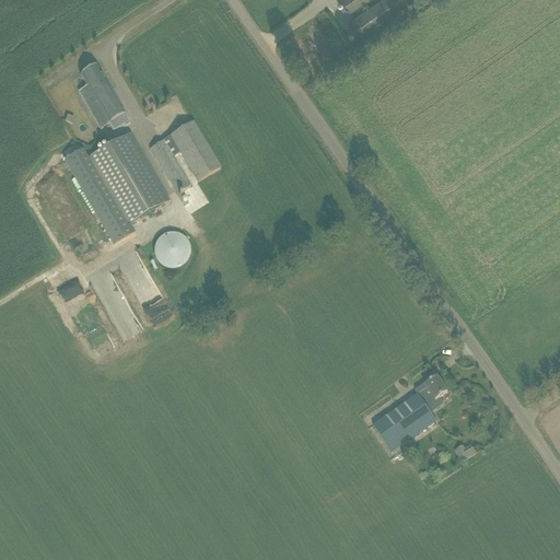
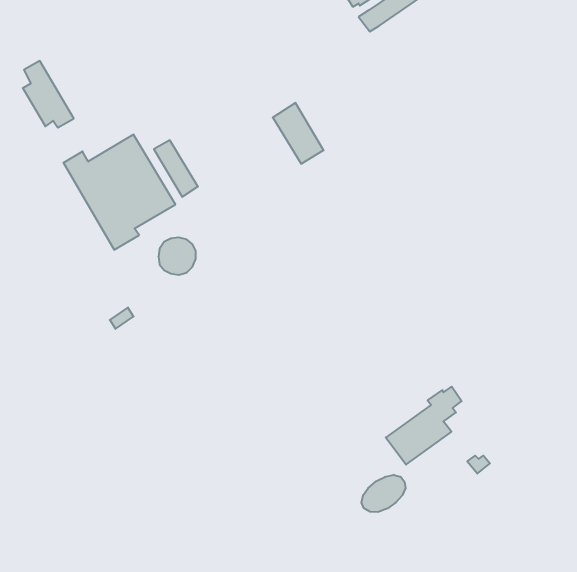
building: [79,61,128,126] -> [23,61,74,128]
building: [170,118,219,177] -> [273,103,324,164]
building: none -> [361,475,405,512]

